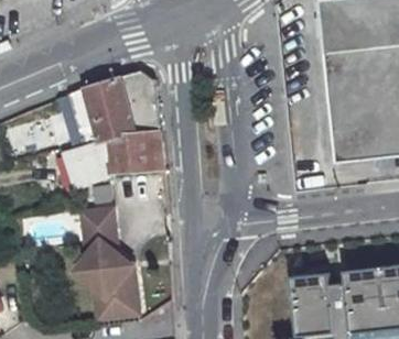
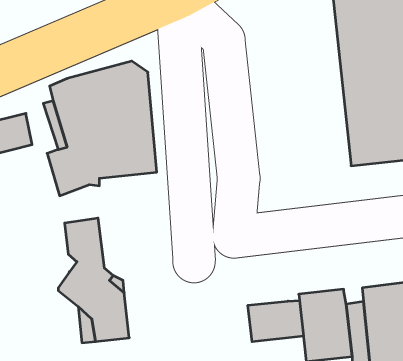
building: none -> [248,300,303,342]

